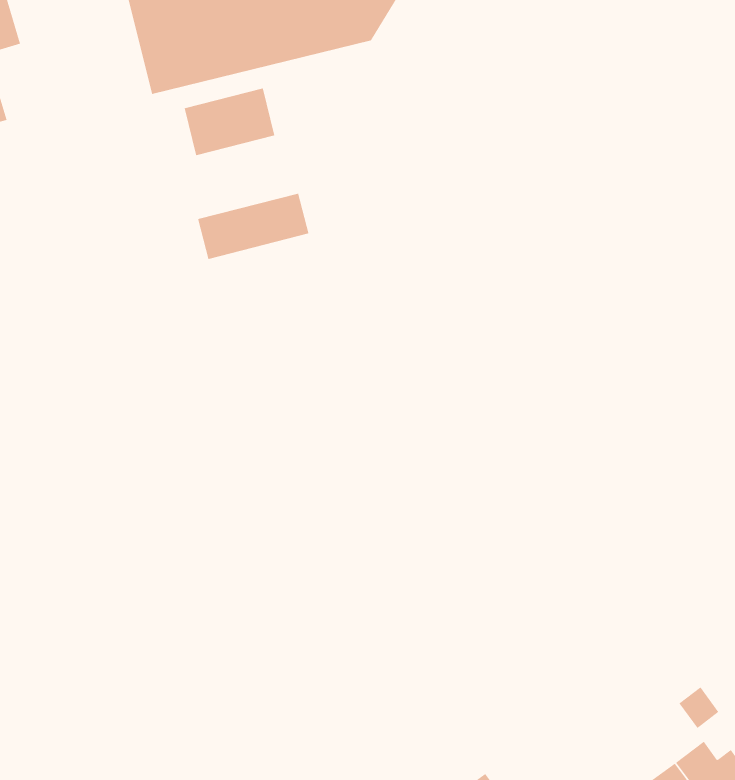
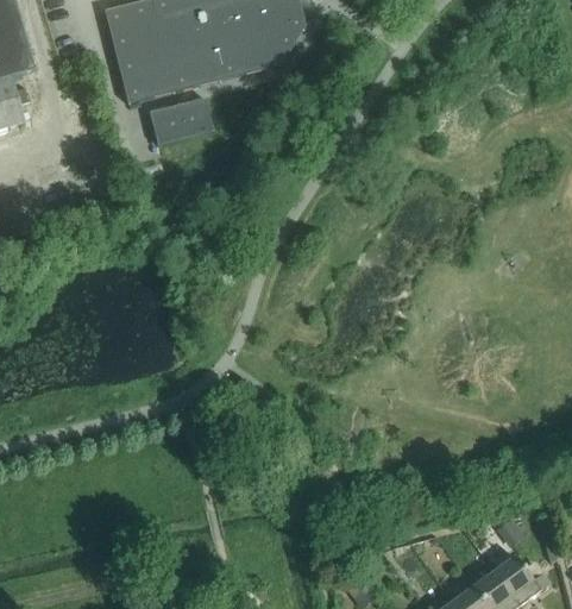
building: [197,193,309,260] -> none

